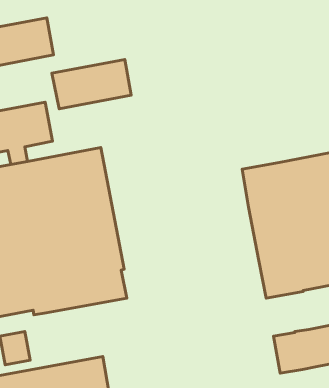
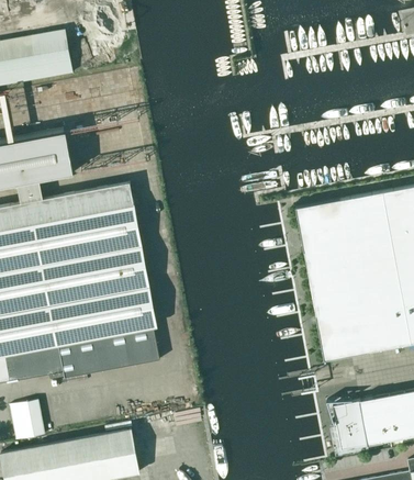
building: [52,60,131,109] -> none

